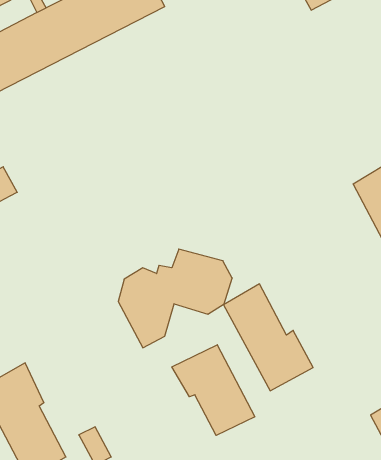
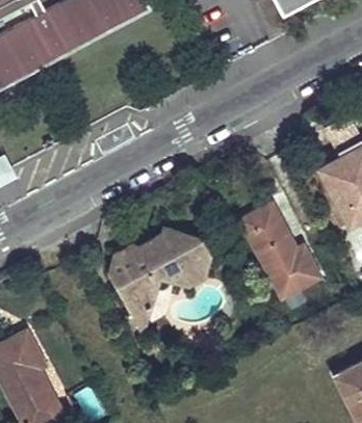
building: [224,284,313,391] -> [240,202,320,297]
building: [172,345,255,435] -> none

